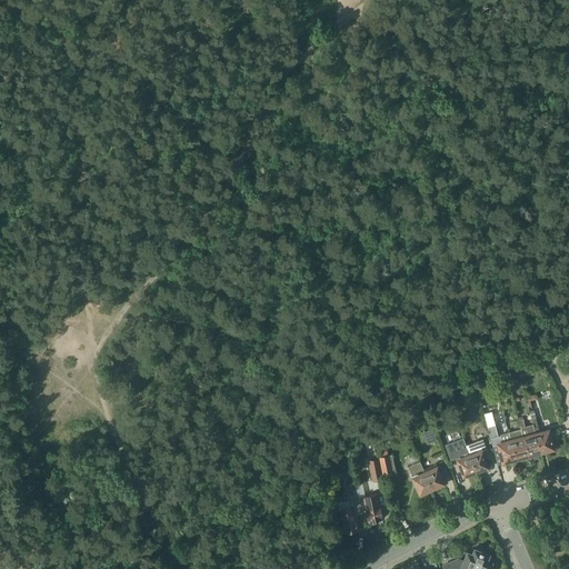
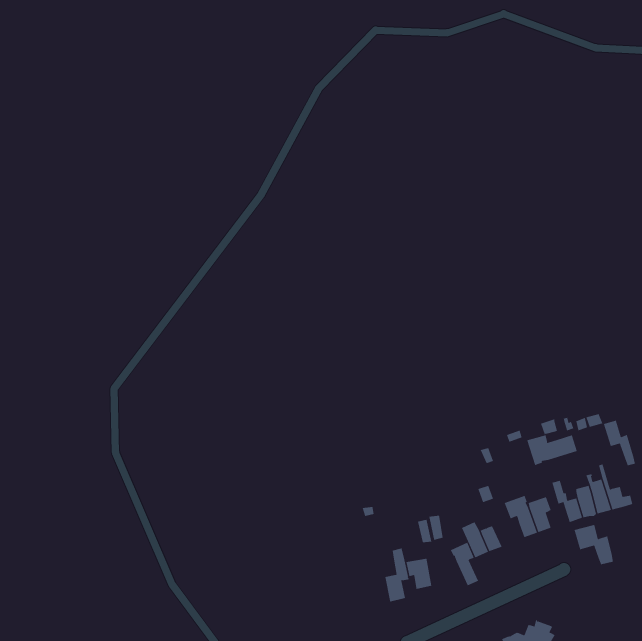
building: none -> [603,420,636,466]
building: none -> [527,434,577,466]
building: none -> [574,524,614,565]
building: none -> [450,542,479,586]

